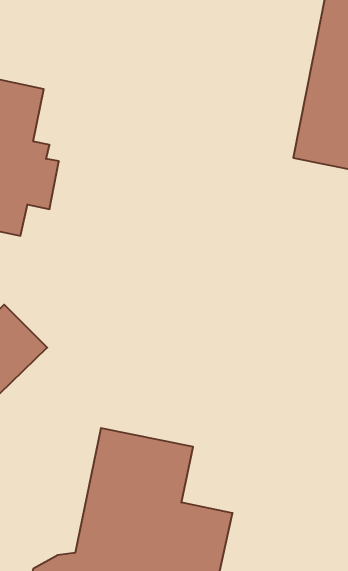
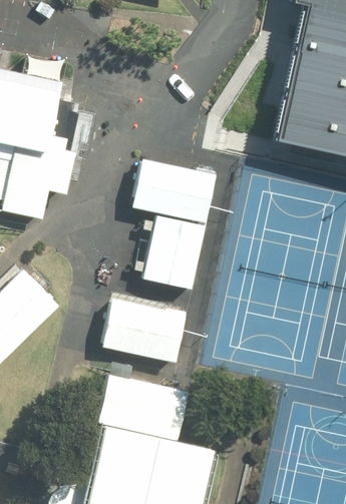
building: none -> [129,154,224,218]
building: none -> [142,215,211,291]
building: none -> [103,300,190,366]

